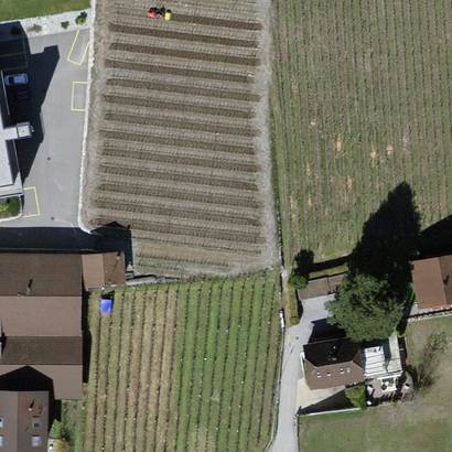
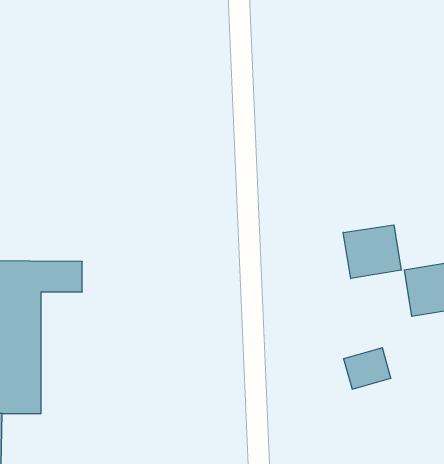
building: none -> [343,225,401,279]
building: [301,340,358,385] -> none

